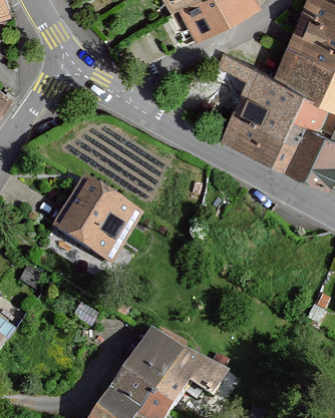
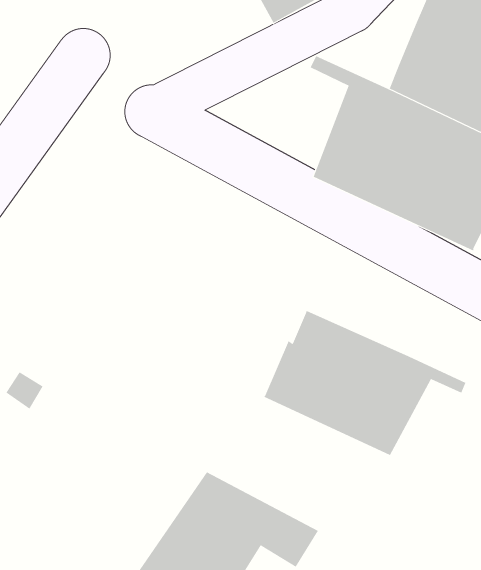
building: [53,173,144,262] -> none
building: none -> [263,310,466,456]

